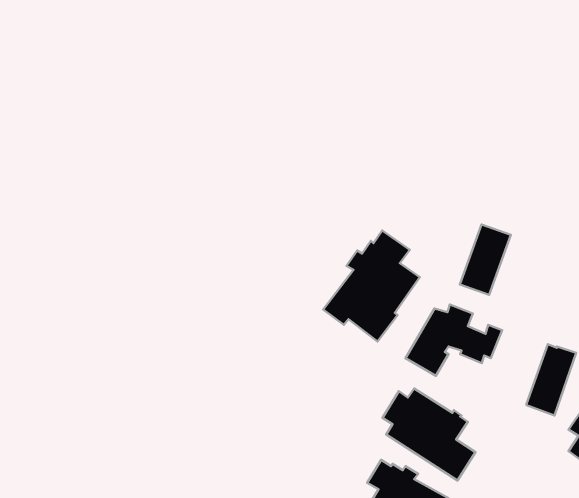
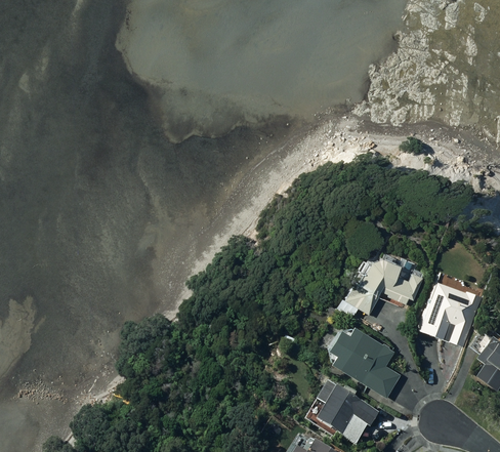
building: [460,225,511,295] -> [418,280,459,336]
building: [323,231,420,342] -> none

